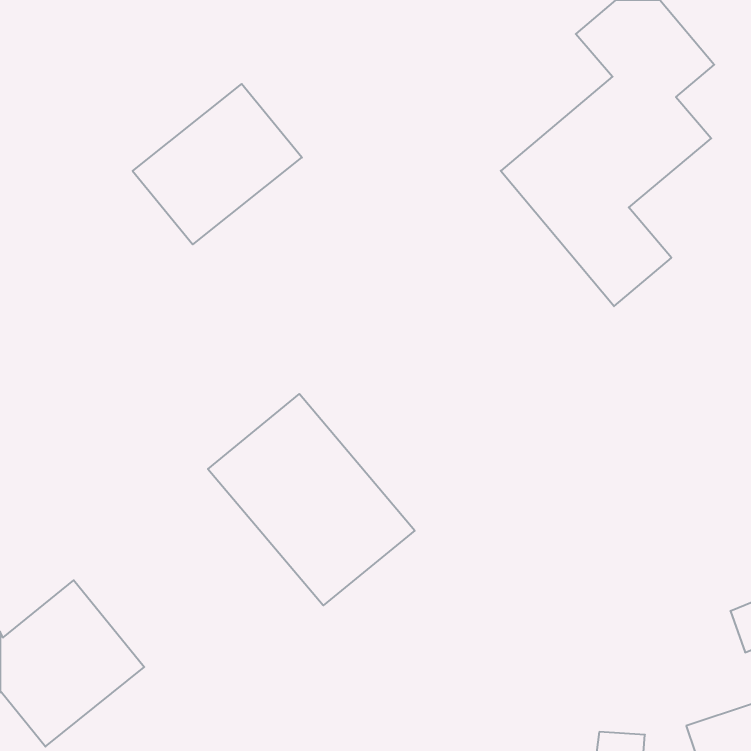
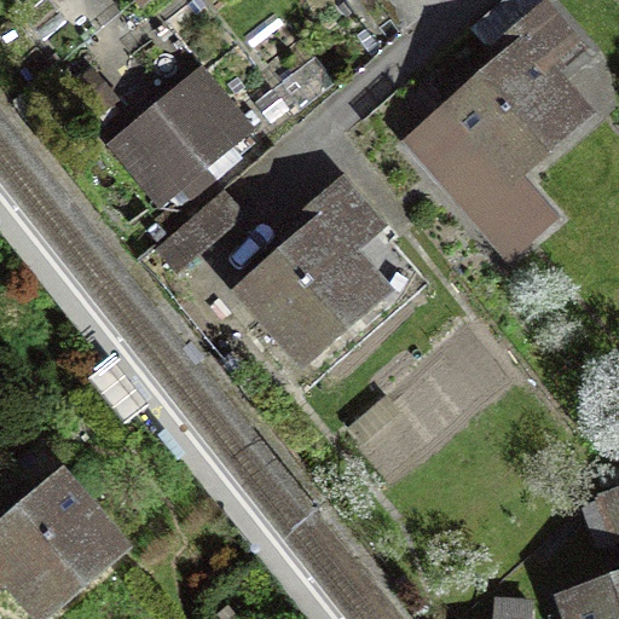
building: none -> [245,184,382,355]
building: [208,394,415,605] -> none

